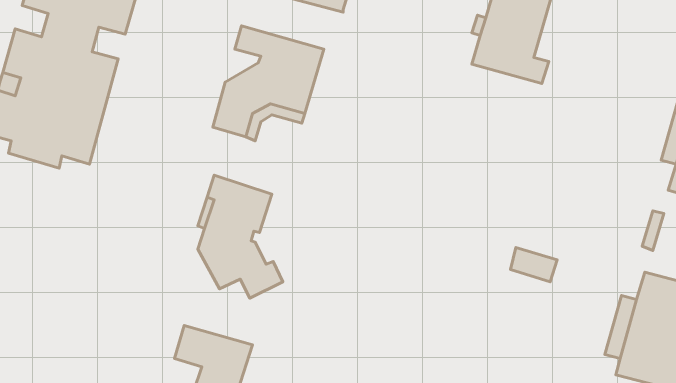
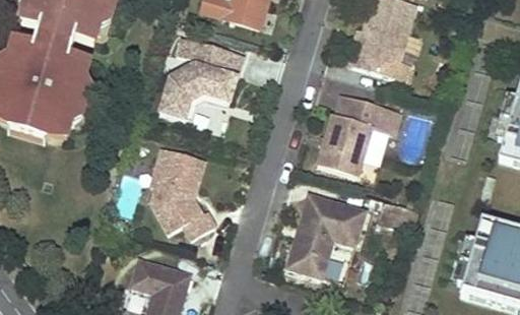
building: none -> [318,92,401,176]
building: none -> [288,194,366,277]

